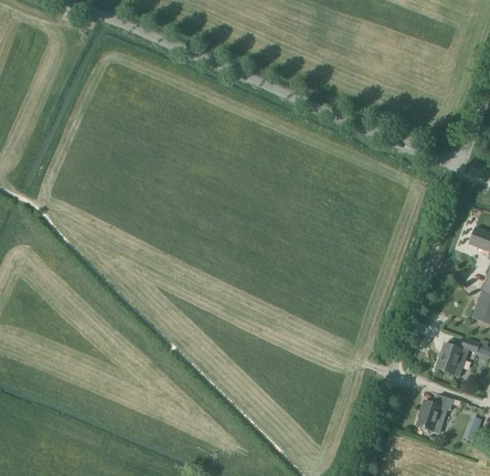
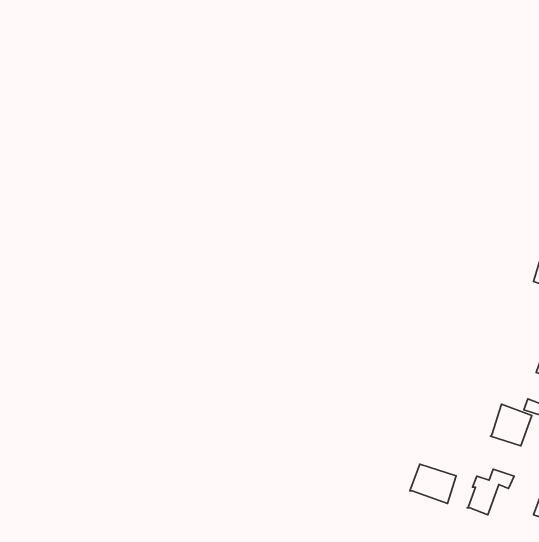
building: none -> [410,464,456,503]

